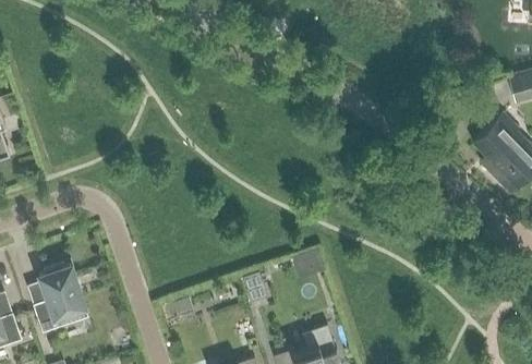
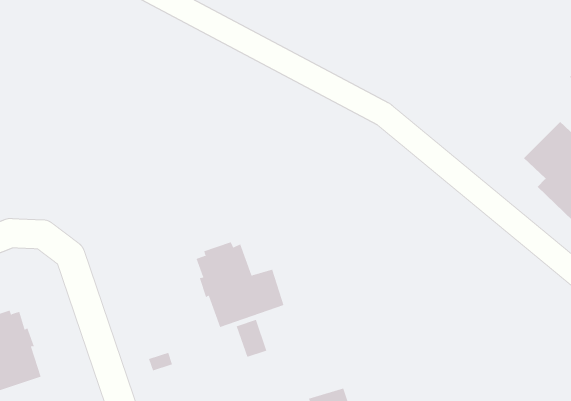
building: none -> [196,241,284,328]

